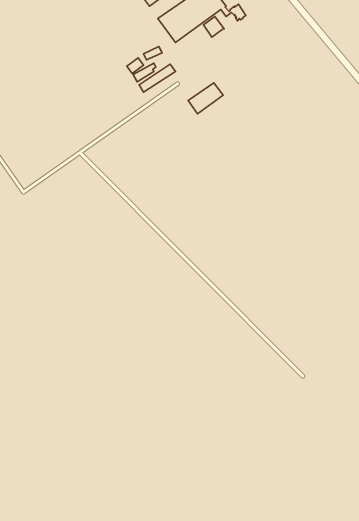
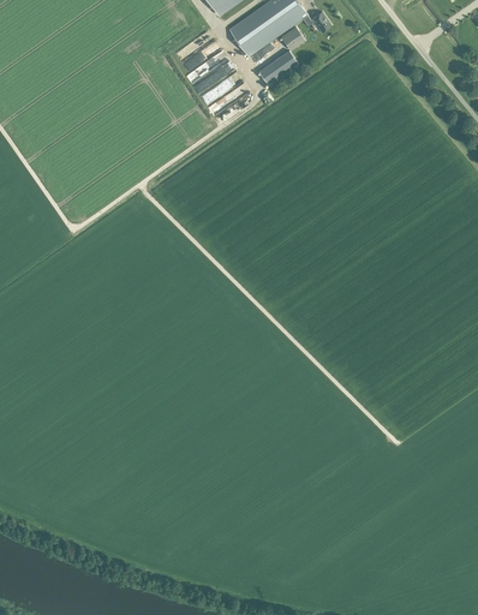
building: [188,83,223,114] -> [257,49,298,85]

